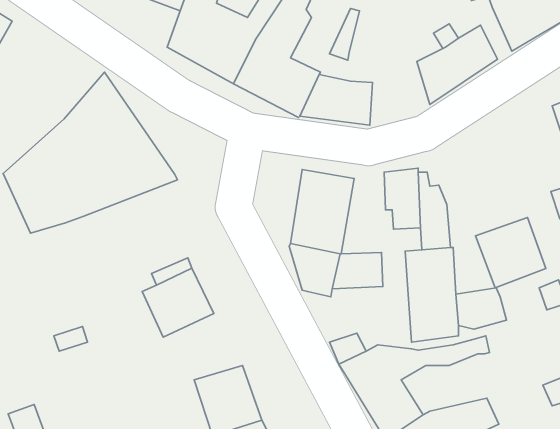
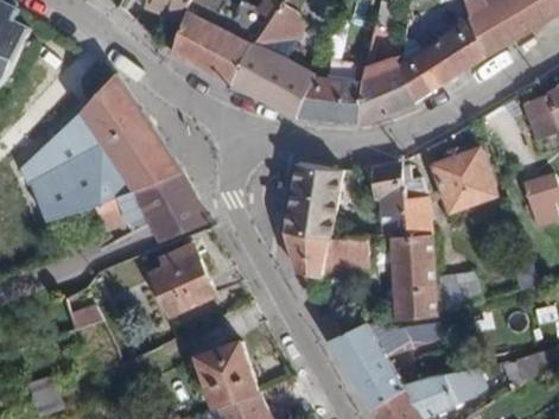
building: none -> [356,58,411,126]
building: none -> [95,172,208,240]
building: [476,218,546,288] -> [431,148,495,212]

